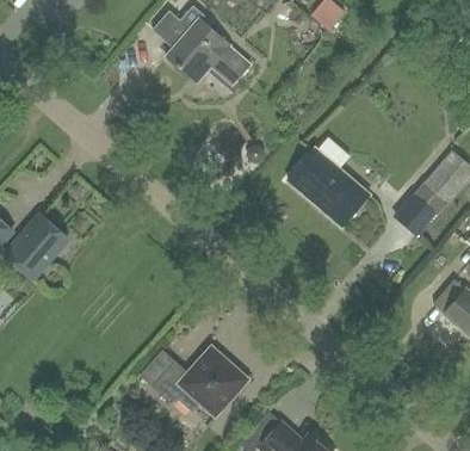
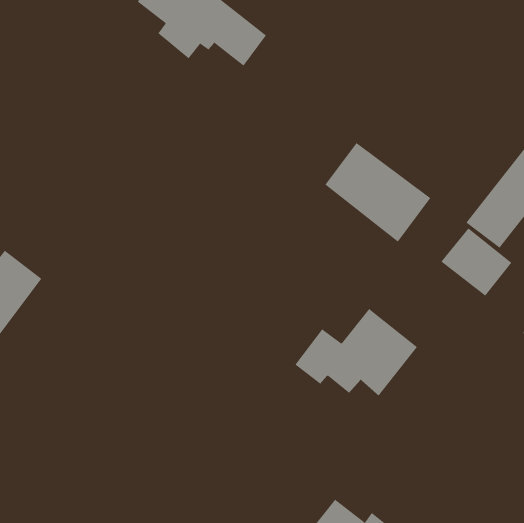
building: none -> [441,227,512,296]
building: [150,346,246,414] -> [294,308,418,396]

